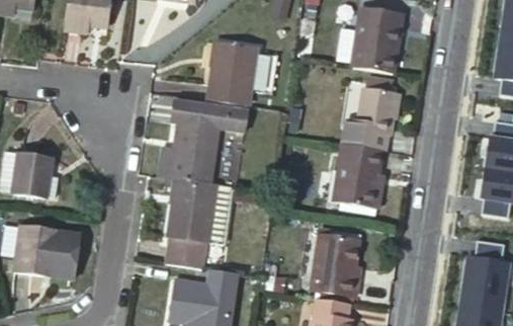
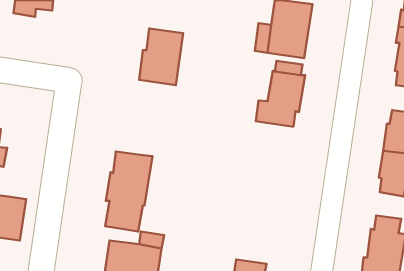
building: [173,96,249,181] -> none
building: [332,143,380,209] -> none
building: [311,234,358,296] -> none

